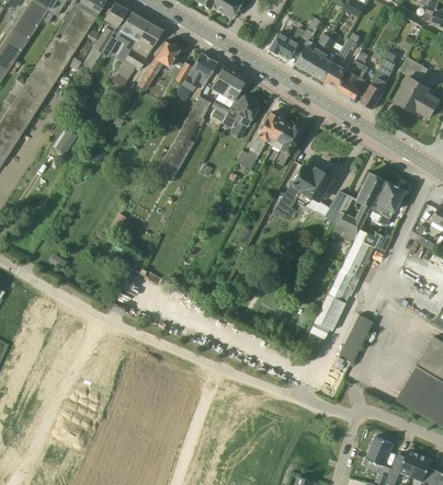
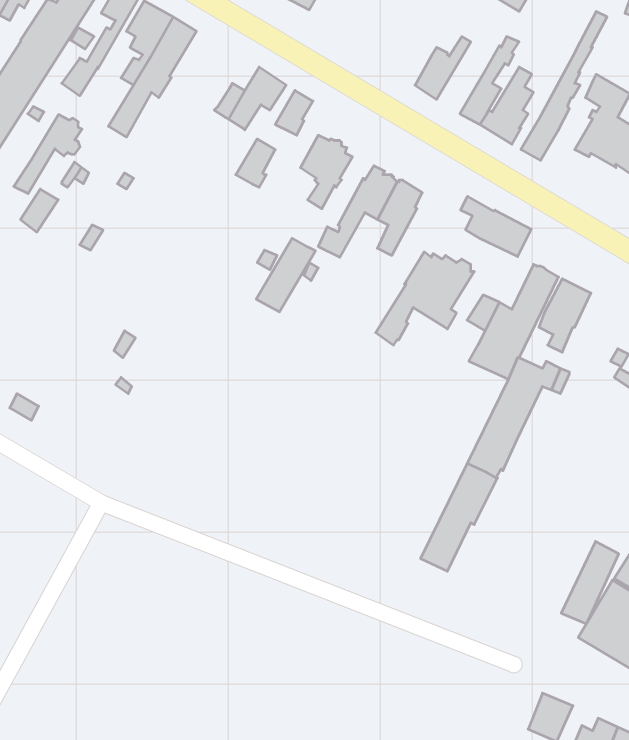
building: [271,18,321,60] -> none
building: [309,37,339,81] -> none
building: [137,42,179,90] -> [14,115,82,194]
building: [211,73,246,114] -> none
building: none -> [461,196,531,257]
building: [156,134,192,178] -> [256,238,315,312]
building: [337,313,372,363] -> [561,541,619,624]

